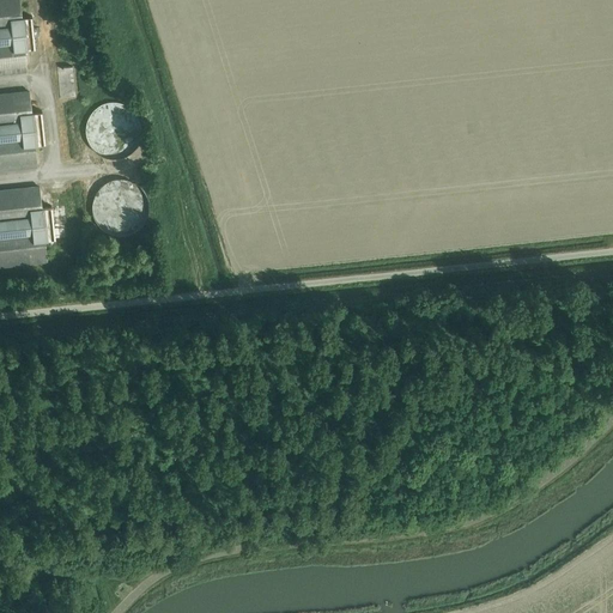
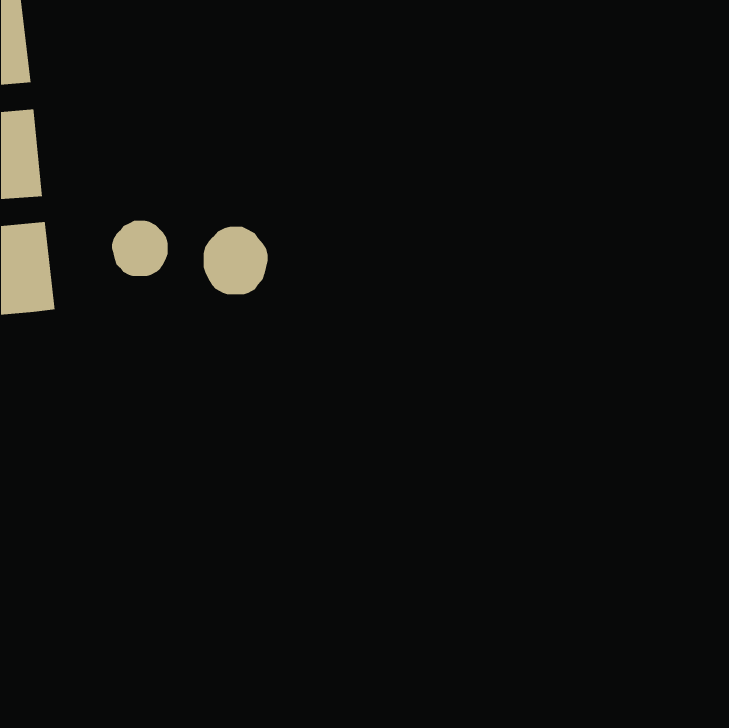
building: [84,98,135,150] -> none
building: none -> [203,226,269,295]

